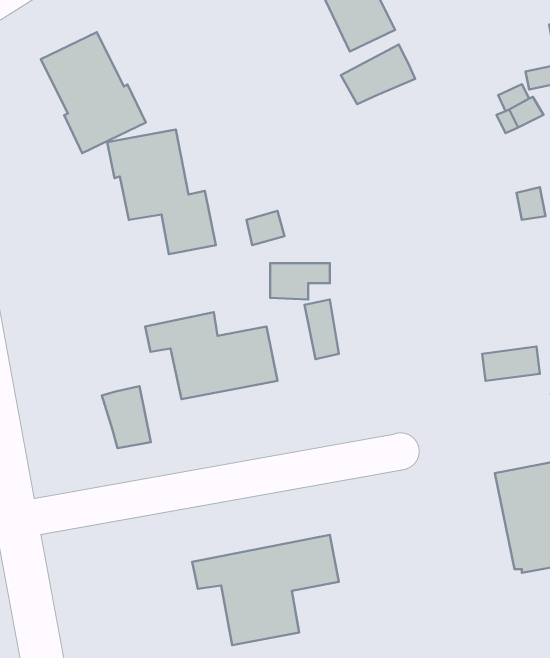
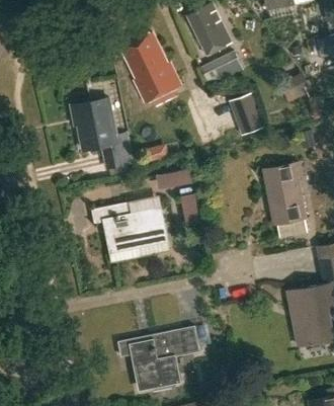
building: [41,32,146,153] -> [120,33,179,101]
building: none -> [228,92,265,136]
building: none -> [263,162,305,223]
building: [102,386,151,448] -> none

